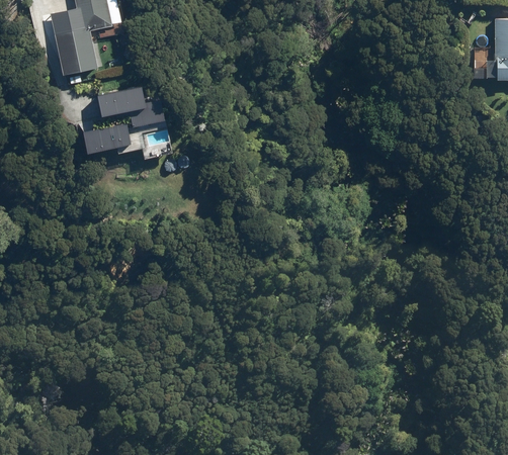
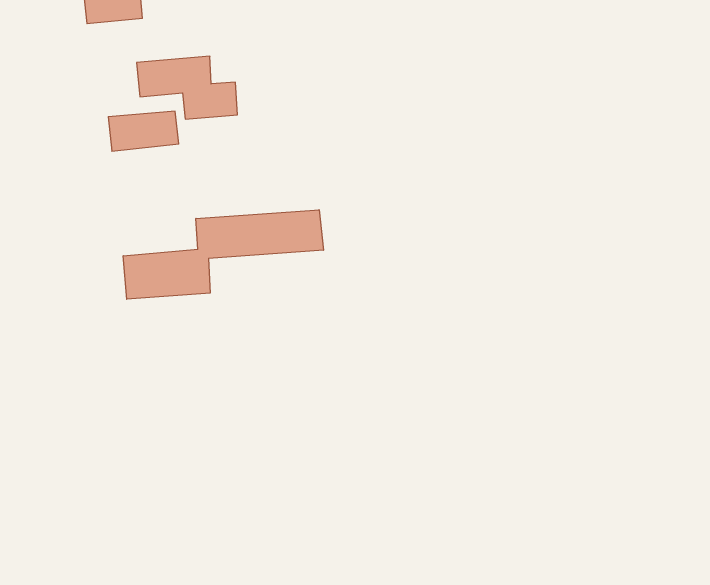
building: none -> [123,210,323,299]

